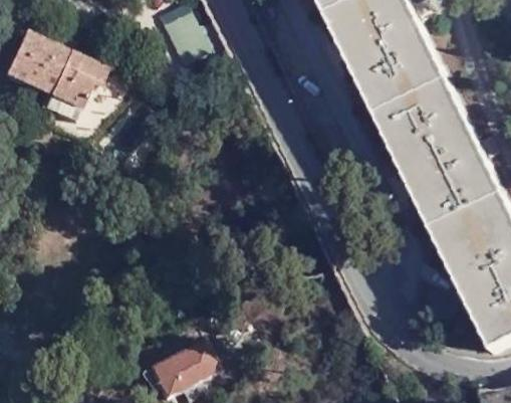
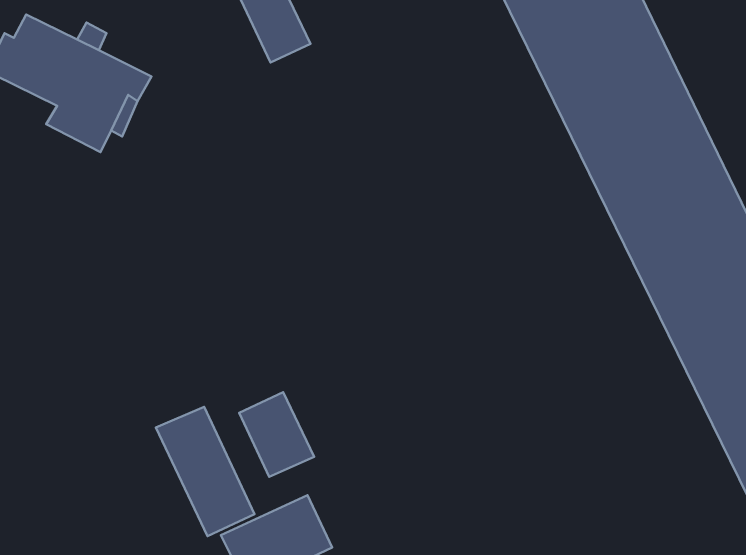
building: none -> [239,392,314,477]
building: none -> [156,407,254,536]

